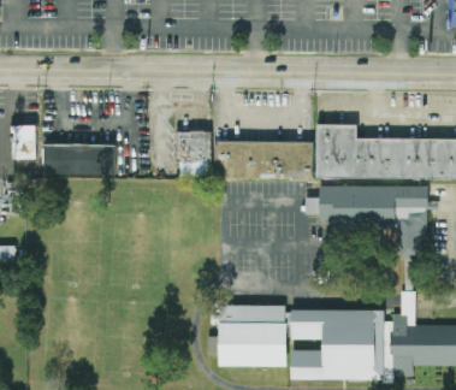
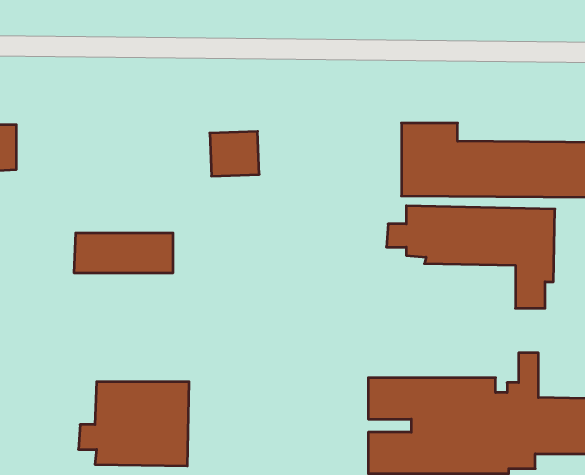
building: [206,141,314,178] -> none
building: [43,144,116,173] -> [74,233,173,273]
building: [206,305,286,366] -> [78,382,189,466]

